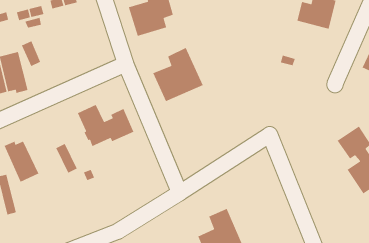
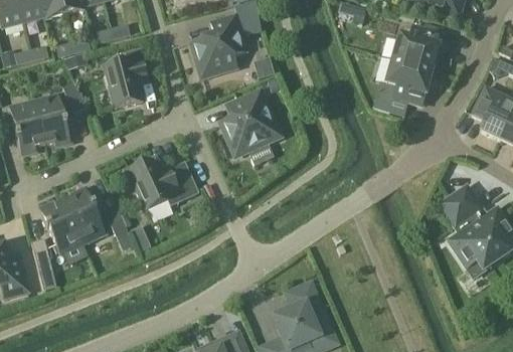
building: none -> [105,48,147,107]
building: none -> [386,57,435,104]
building: none -> [64,187,106,241]

